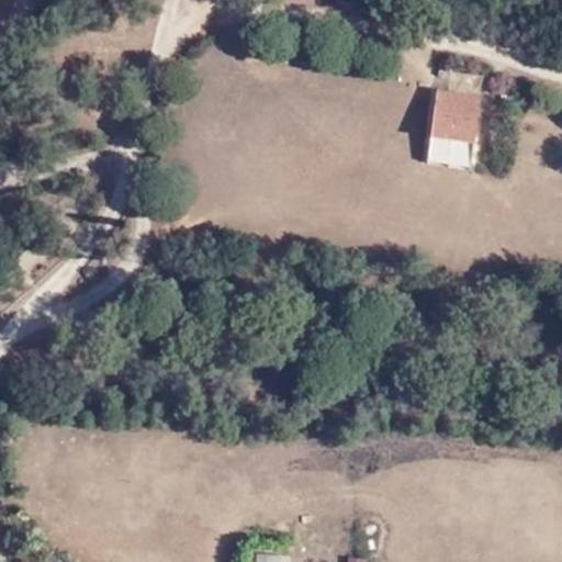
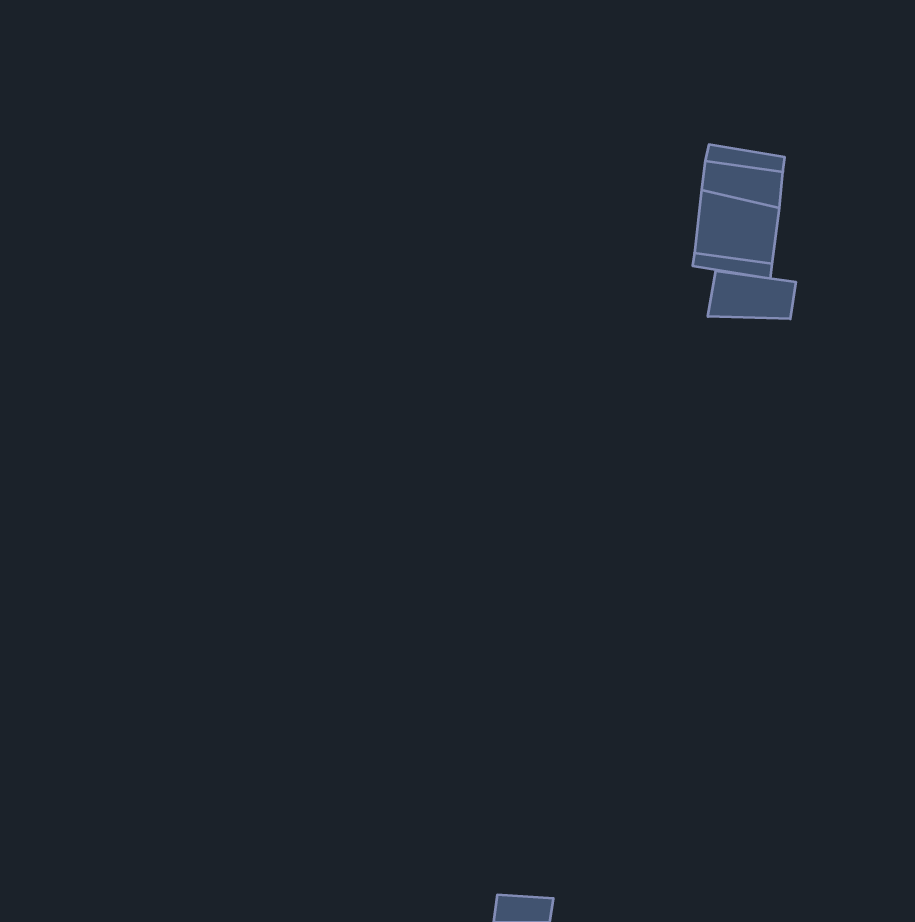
building: none -> [708,271,796,319]

